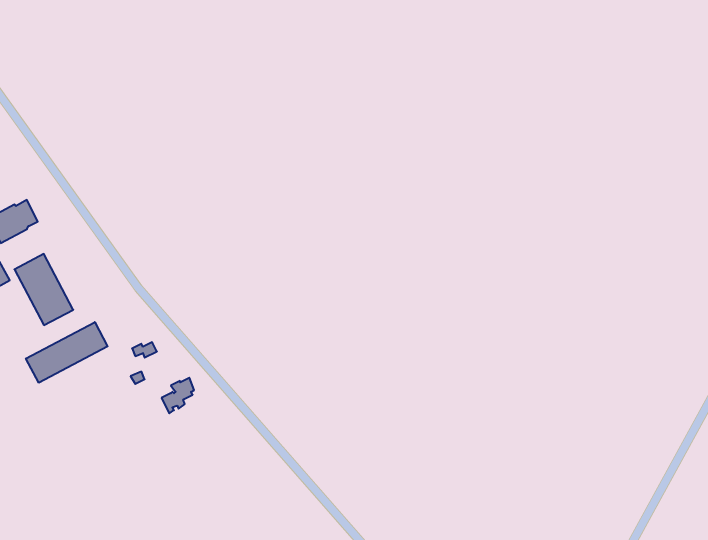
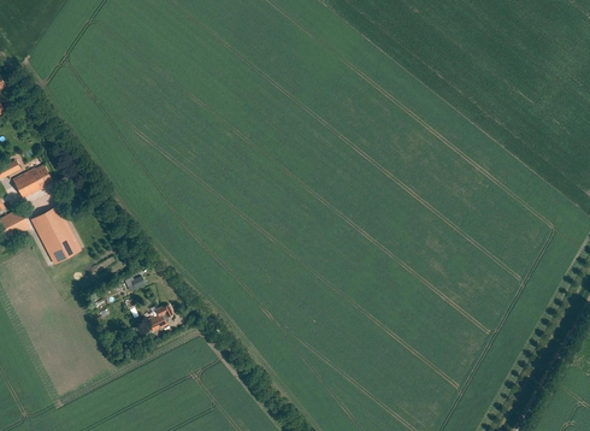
building: [26,322,108,383] -> none

